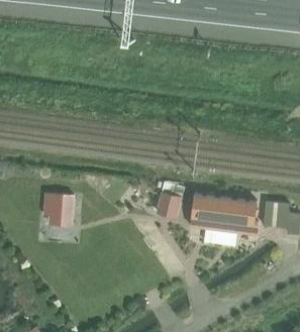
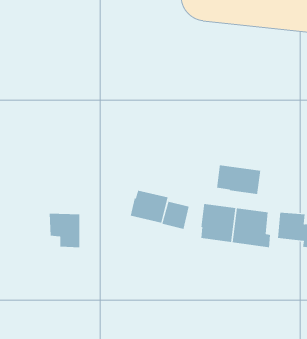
building: none -> [217,164,261,195]
building: none -> [130,190,168,224]

